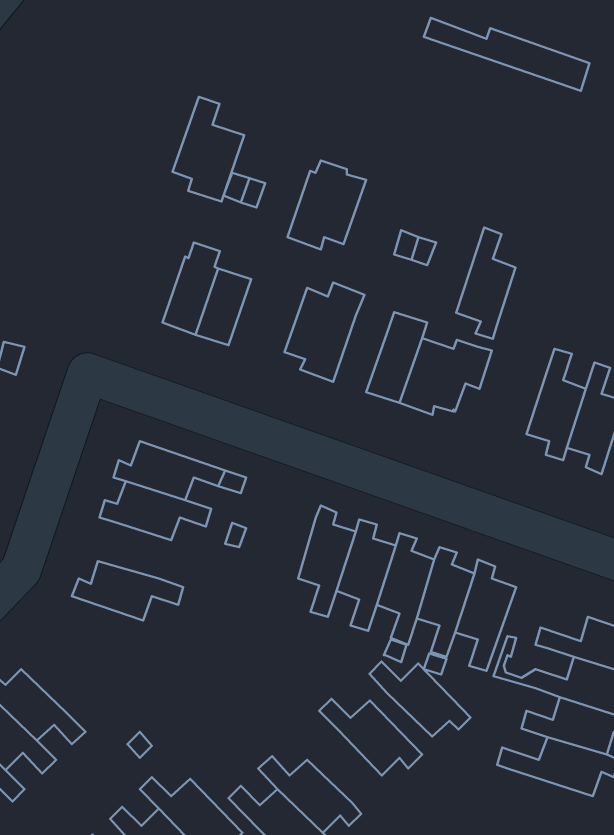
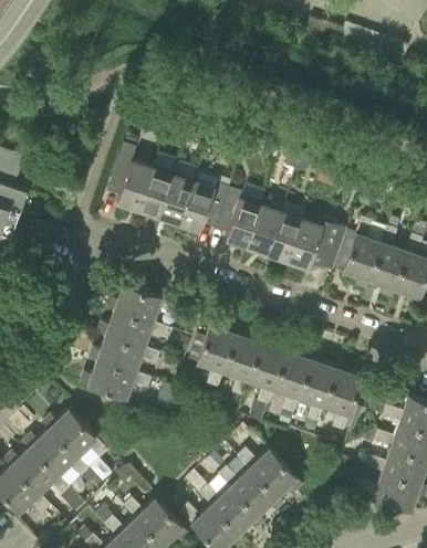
building: [173,97,244,201] -> [106,145,152,211]
building: [288,161,366,249] -> [179,177,229,233]
building: [456,227,516,339] -> [343,219,381,289]
building: none -> [246,207,281,255]
building: none -> [188,319,235,389]
building: none -> [88,337,159,373]
building: none -> [42,411,107,460]
building: [369,662,471,737] -> [218,468,282,516]

